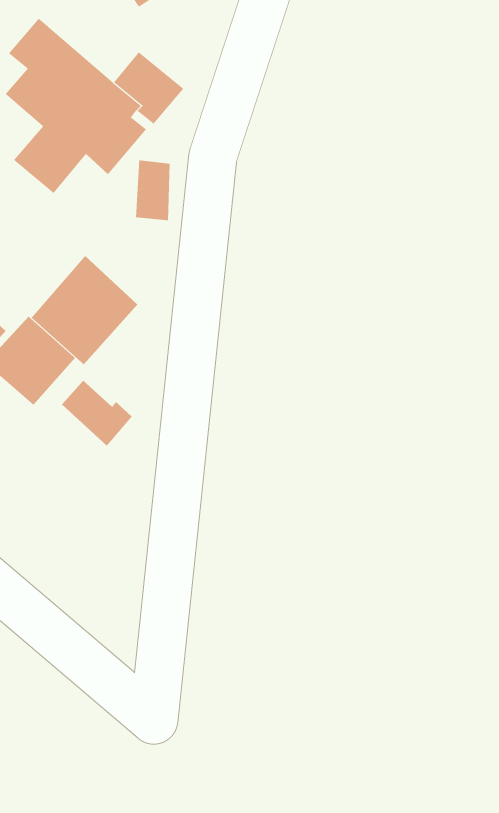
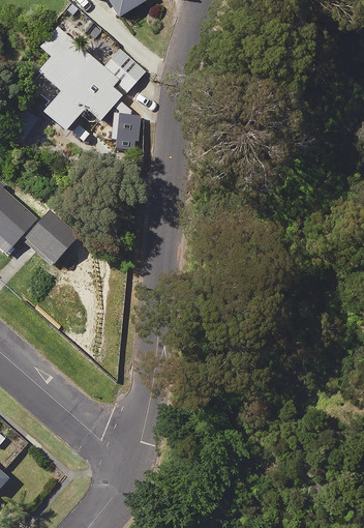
building: [31,255,138,365] -> none
building: [61,380,133,446] -> none

